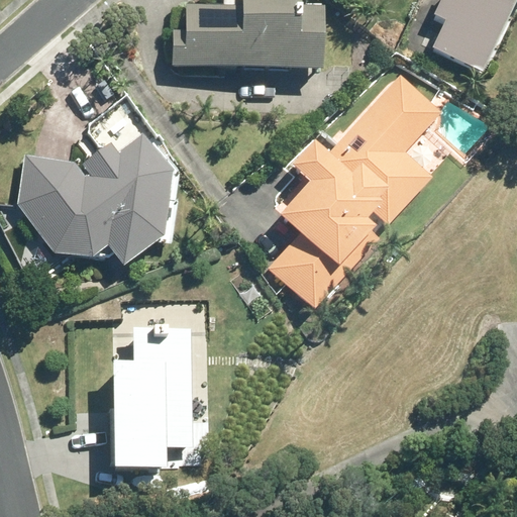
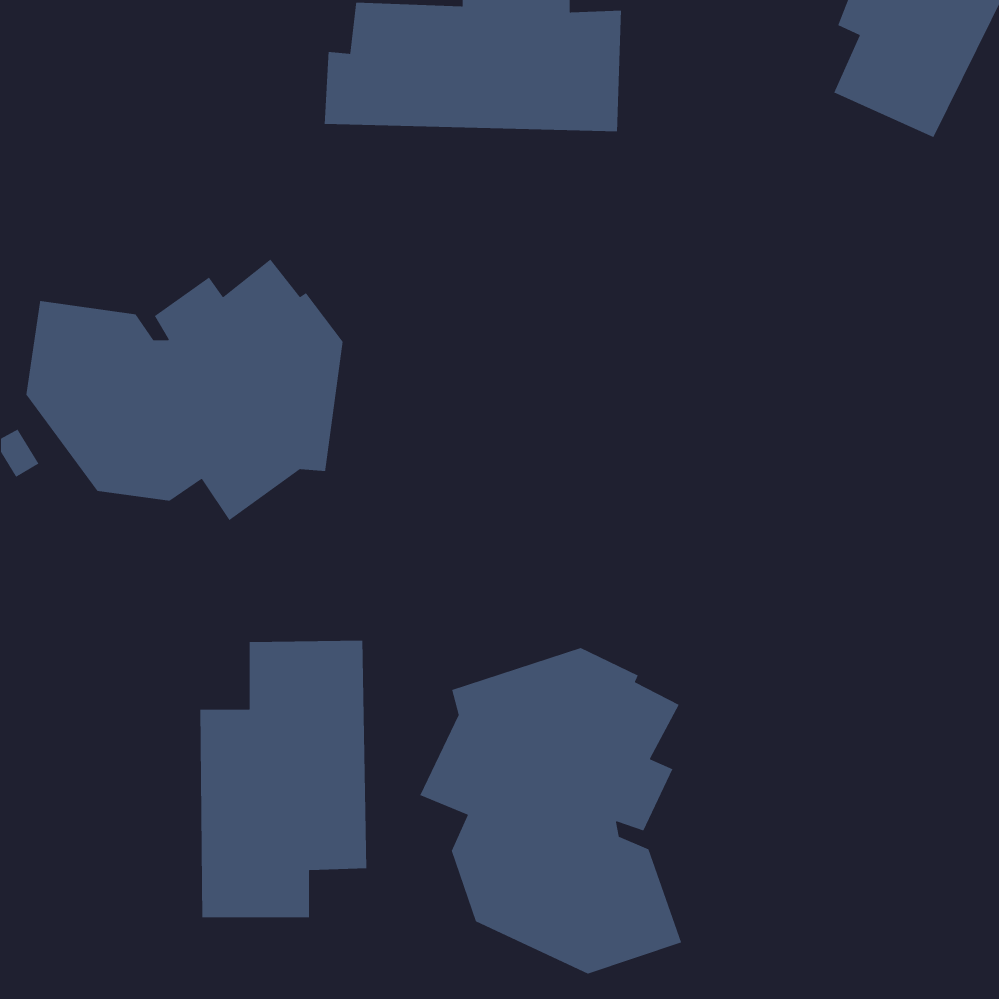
building: [268,72,441,309] -> none
building: none -> [419,647,682,975]

